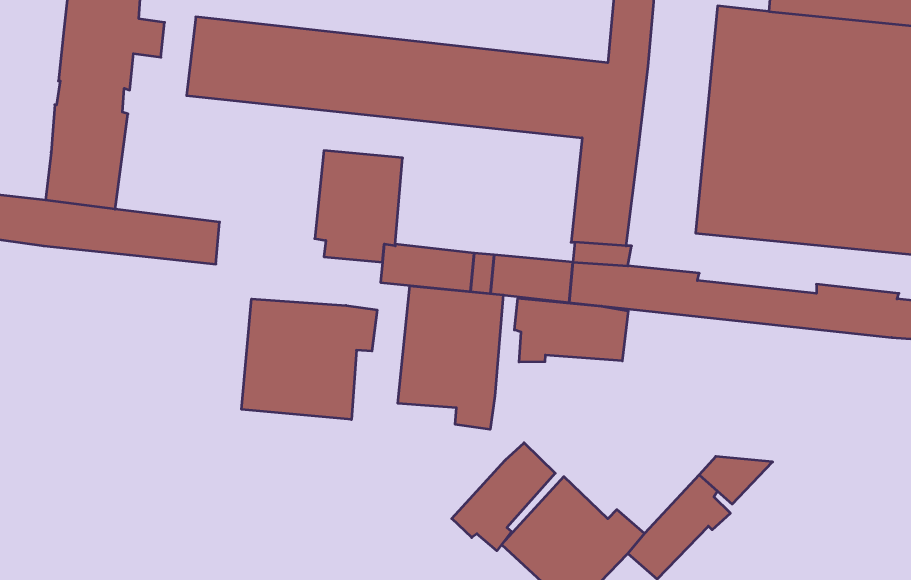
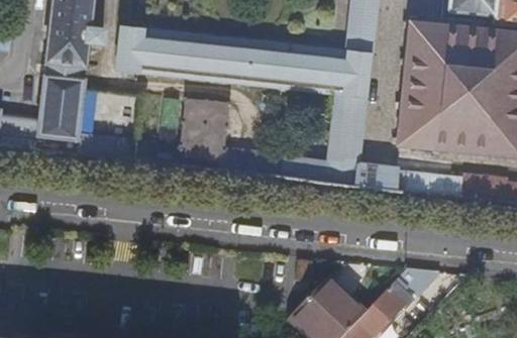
building: [398,286,503,429] -> none
building: [514,298,628,362] -> none
building: [242,299,377,420] -> none
building: [452,443,555,551] -> none

